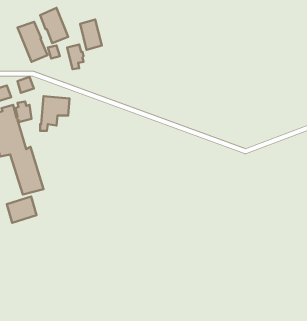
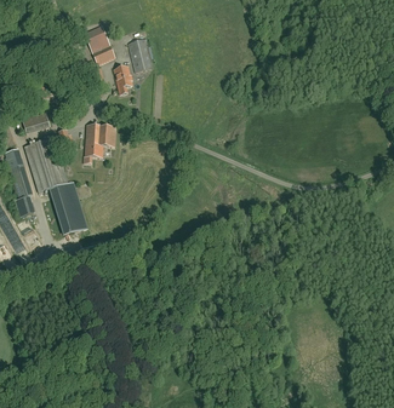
building: [17,22,48,62] -> none
building: [7,197,36,223] -> none

